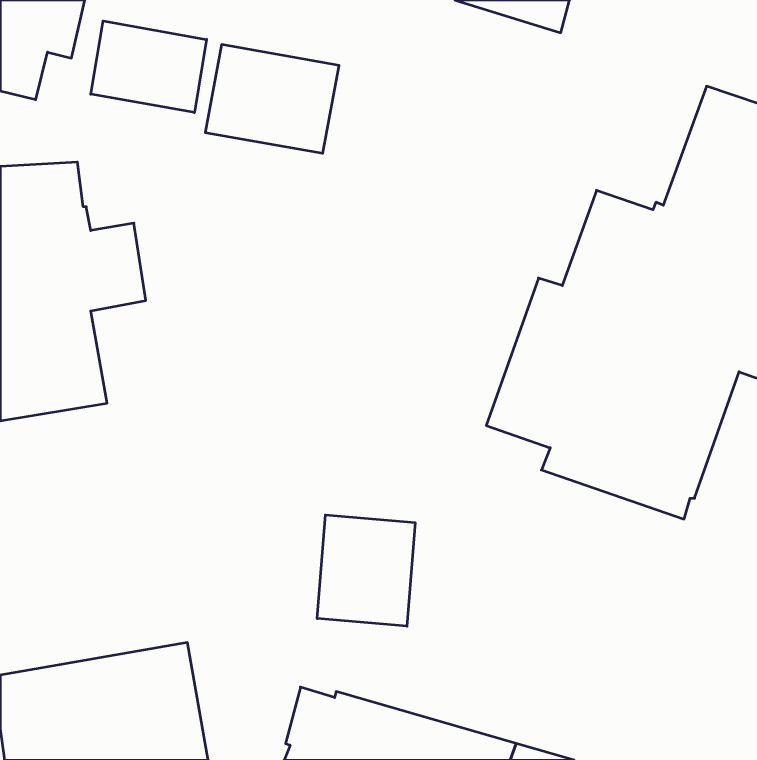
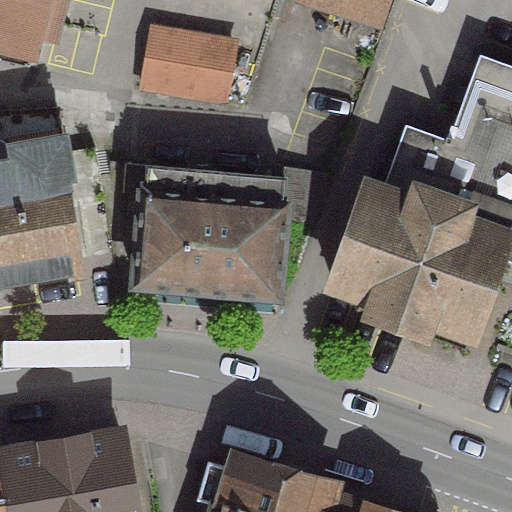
building: [91,21,207,113] -> none
building: none -> [132,168,324,296]
building: [317,515,415,626] -> none

